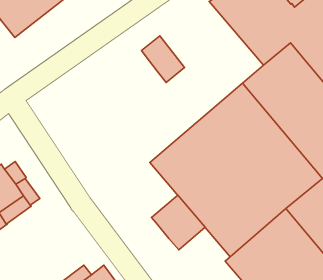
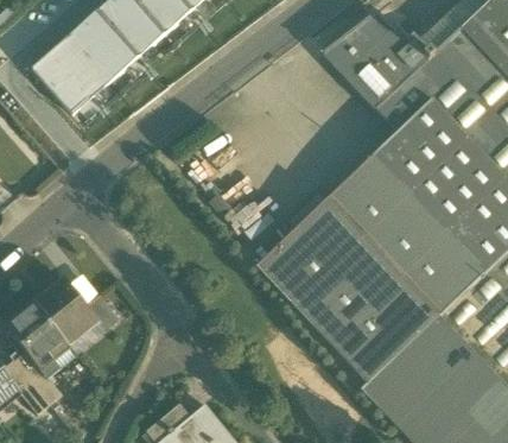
building: [141,36,185,82] -> none
building: [152,195,205,250] -> none

